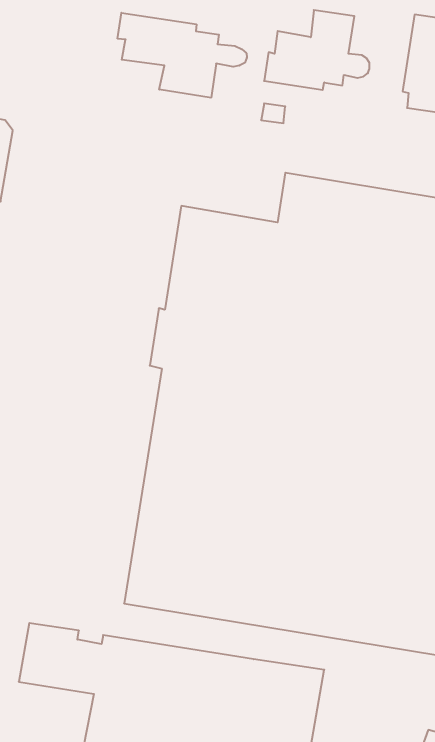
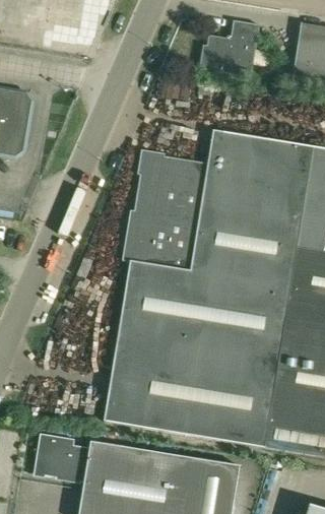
building: [118,13,247,98] -> none

